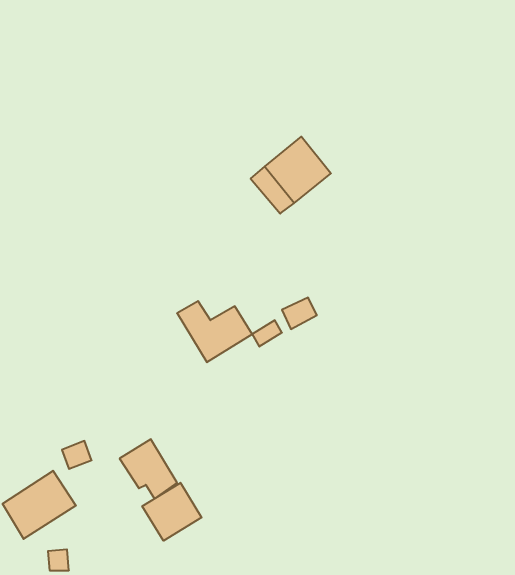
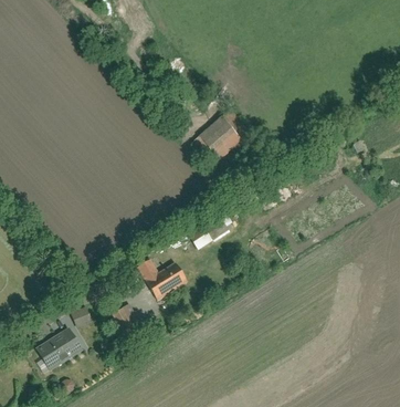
building: [177,301,252,362] -> [139,258,187,296]
building: [142,483,202,541] -> none

